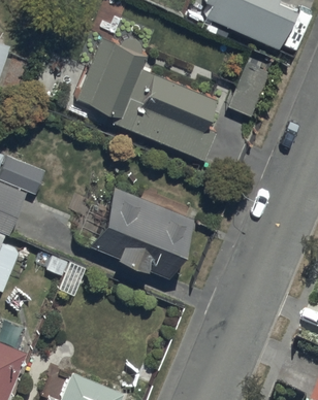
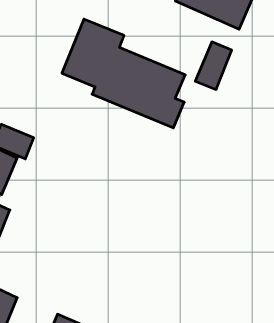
building: [87,180,190,272] -> none

